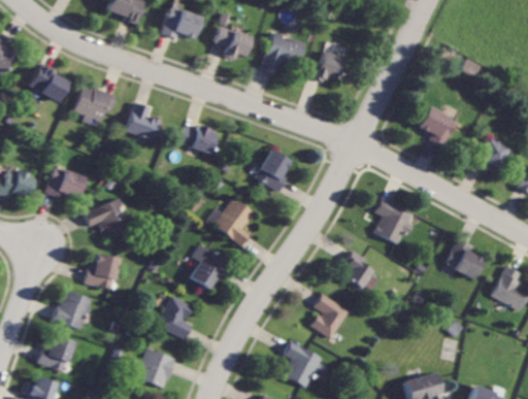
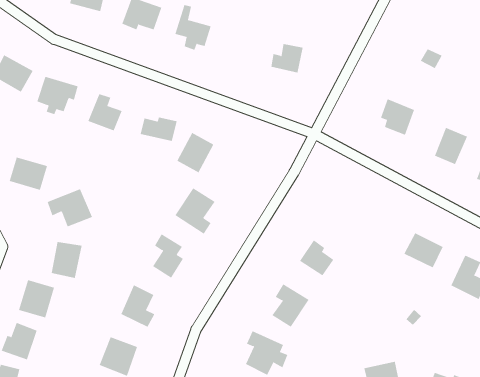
building: [261,32,305,74] -> none
building: [255,149,293,191] -> [176,132,214,173]
building: [374,199,412,243] -> none

